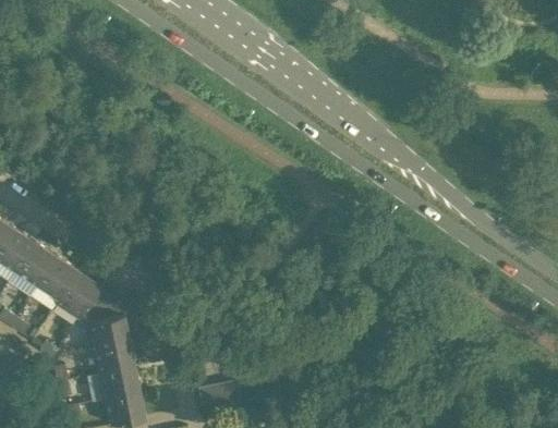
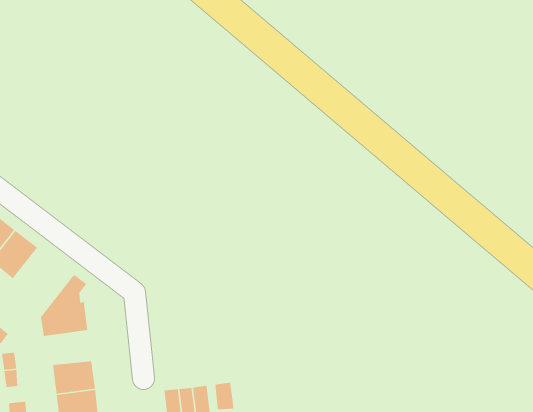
building: [54,269,108,330] -> none
building: [88,339,133,371] -> none

